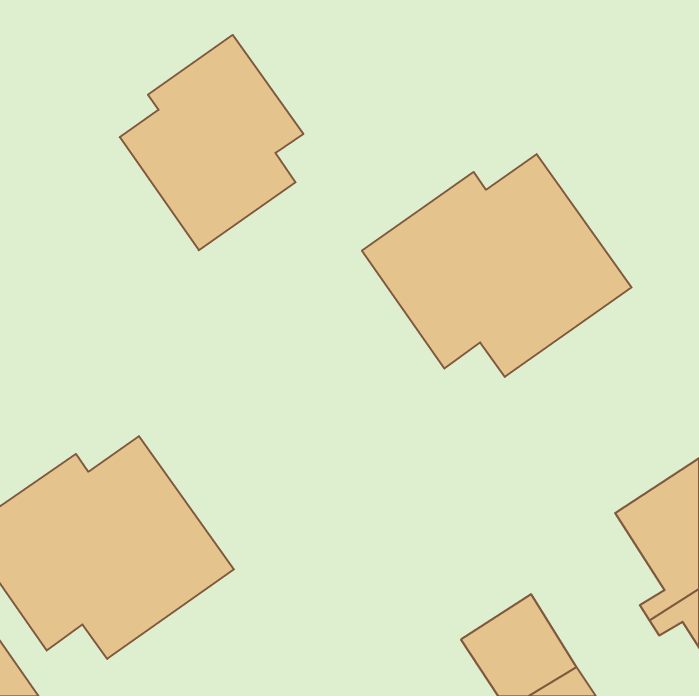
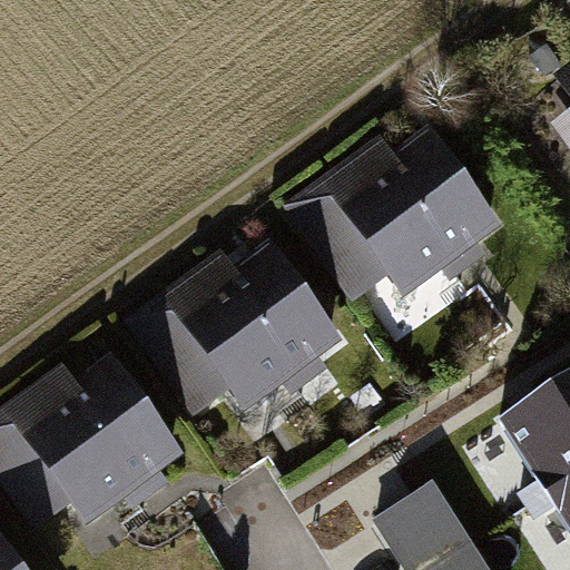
building: [120,35,303,250] -> none
building: none -> [131,240,345,411]

